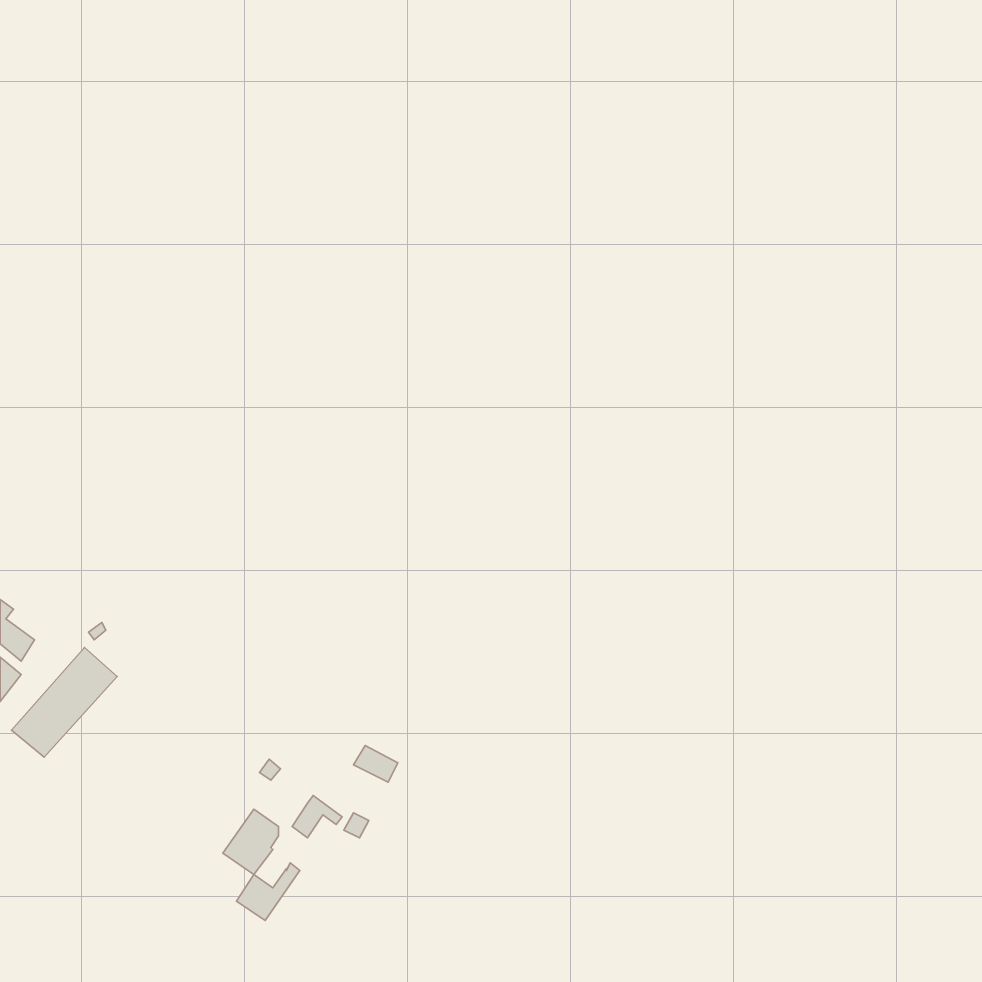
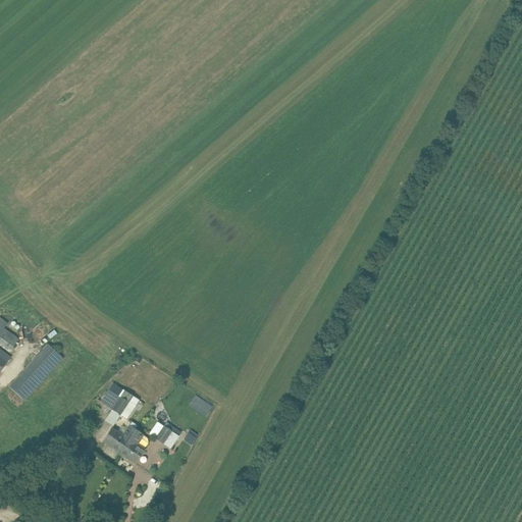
building: none -> [101,390,139,419]
building: [236,863,300,921] -> [103,422,137,453]

